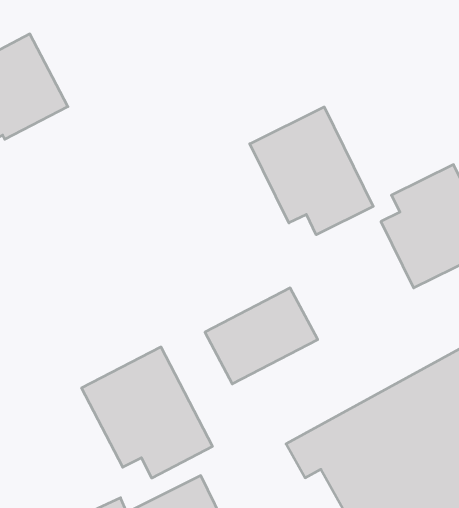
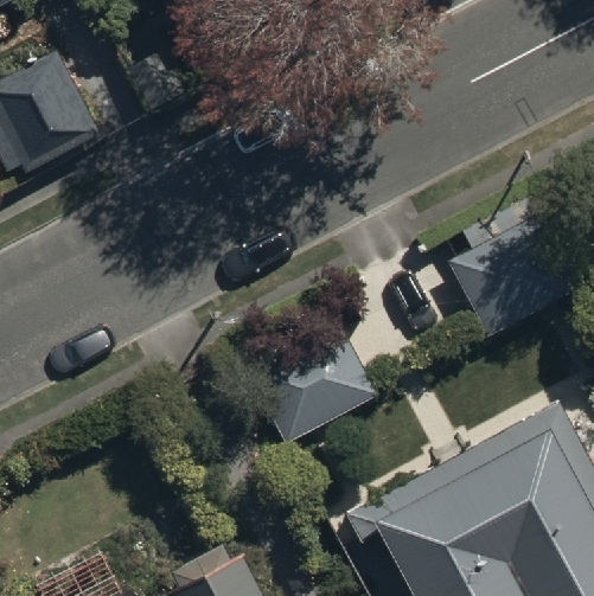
building: [250,107,373,235] -> none
building: [82,347,212,478] -> none

